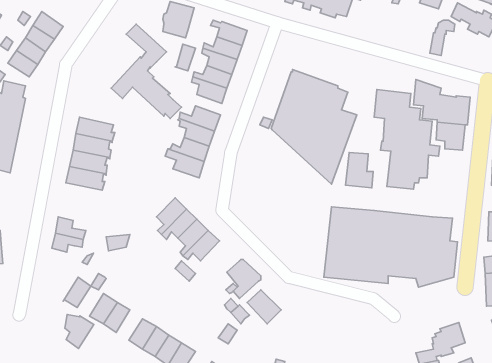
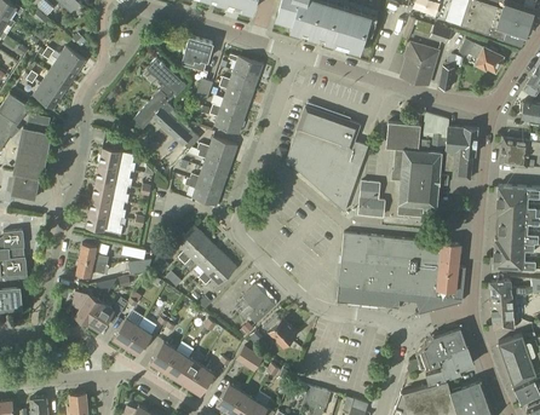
building: none -> [400,45,438,83]
building: none -> [86,211,123,235]
building: none -> [407,323,469,374]
building: [65,314,94,348] -> [73,292,100,324]

